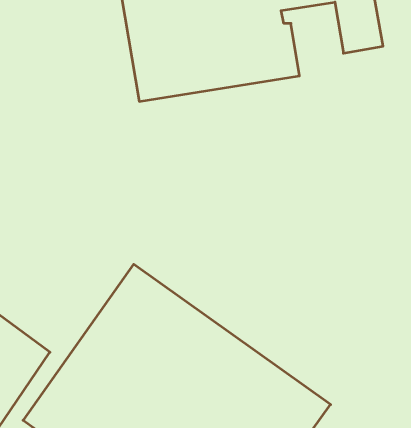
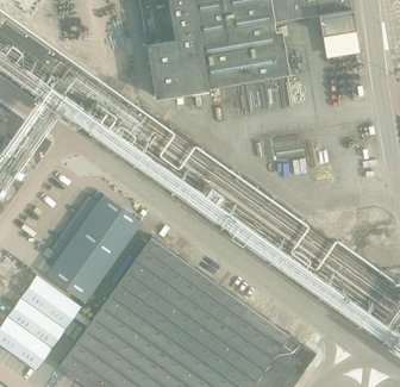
building: none -> [45,200,139,299]

